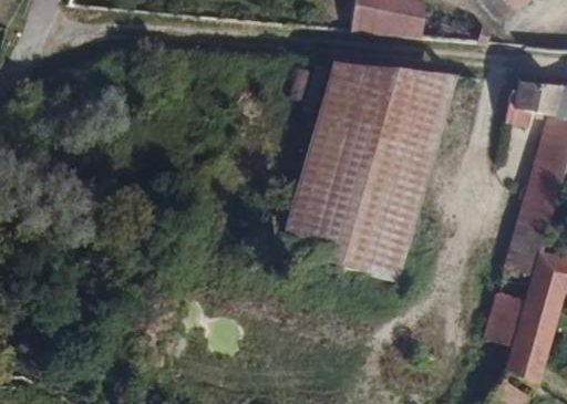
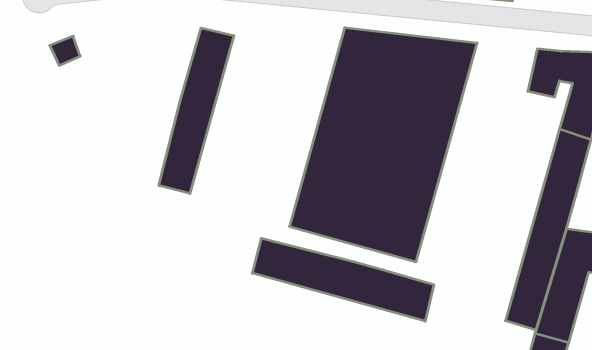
building: none -> [159,28,234,194]
building: none -> [252,238,434,321]

